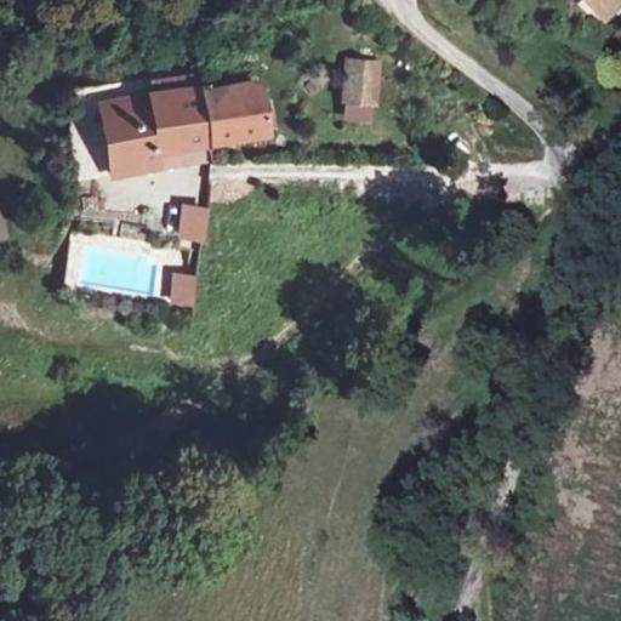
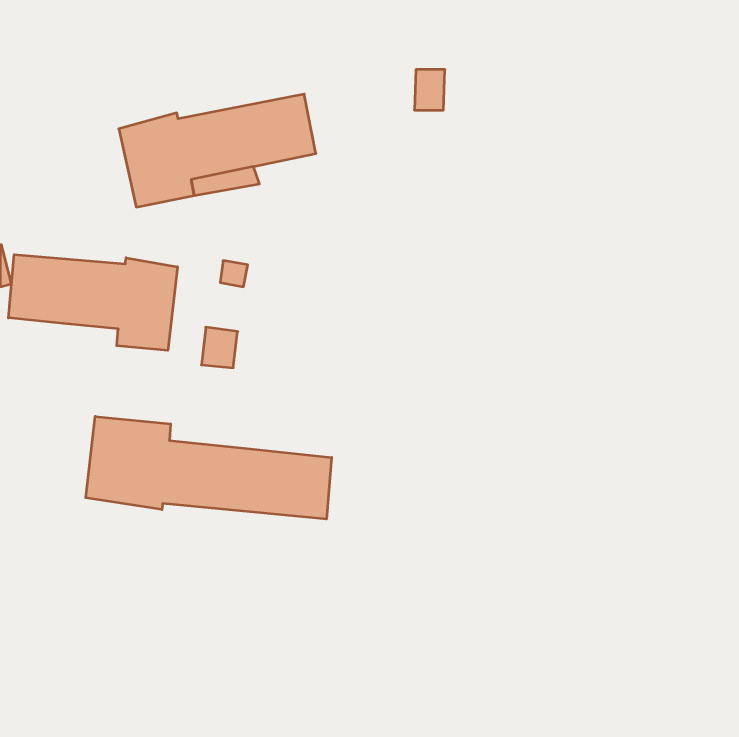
building: none -> [8,255,177,350]
building: none -> [86,416,332,519]

